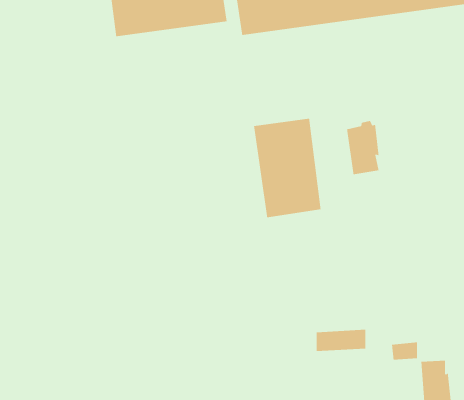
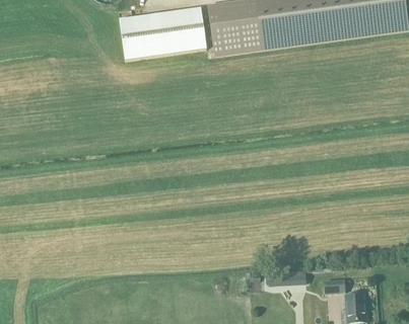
building: [253,118,321,218] -> none
building: [346,120,379,175] -> none

